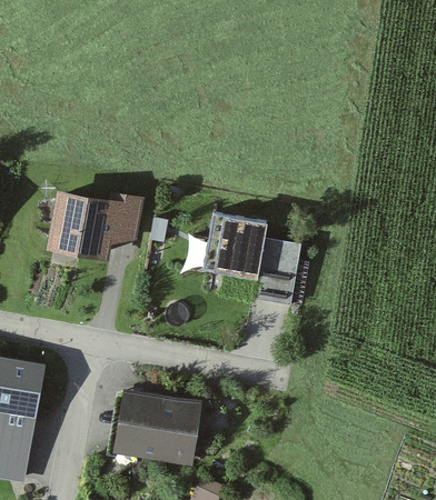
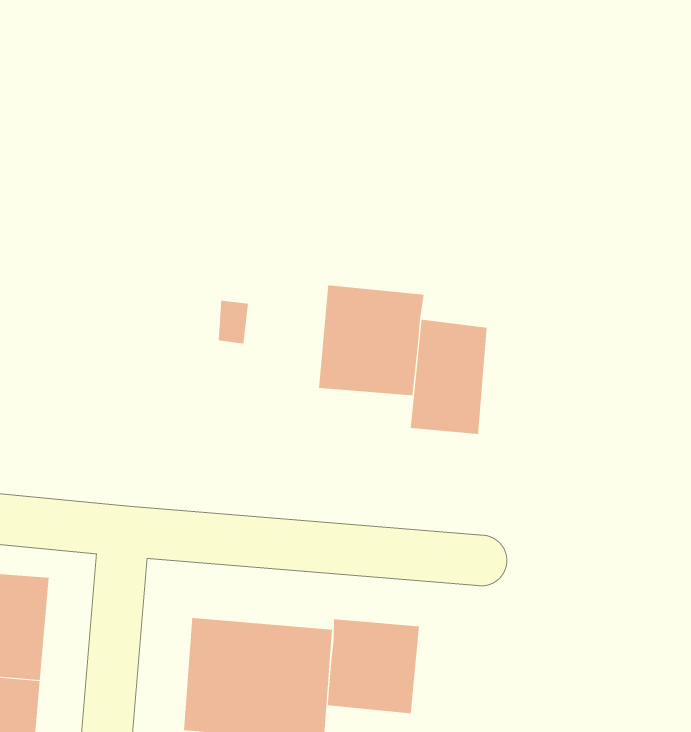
building: [44,189,141,261] -> none
building: none -> [327,619,420,714]

